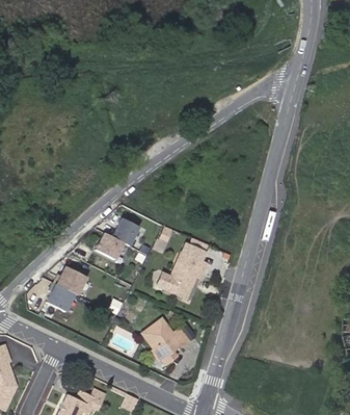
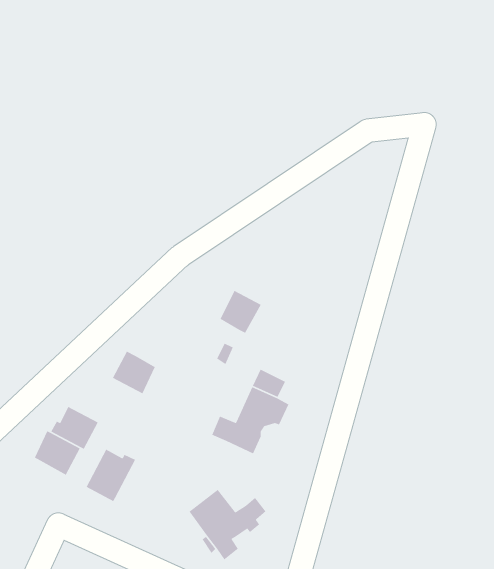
building: [110,216,137,244] -> [219,290,262,334]
building: none -> [85,449,136,502]

